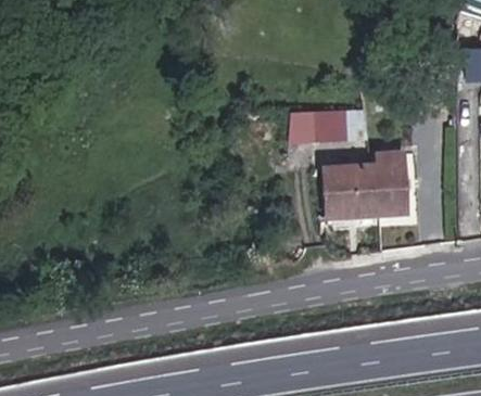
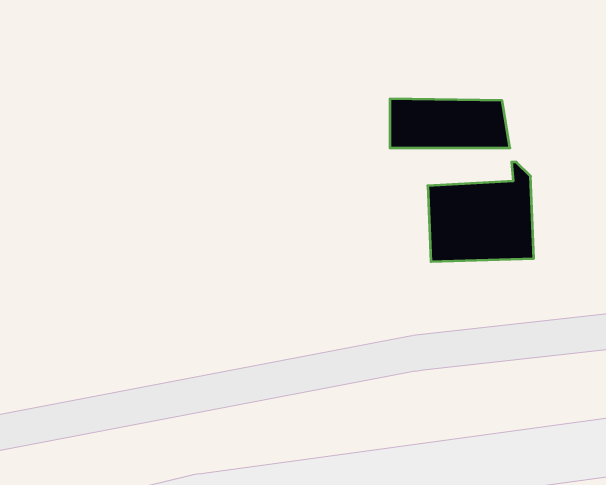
building: [377,151,410,217] -> none

